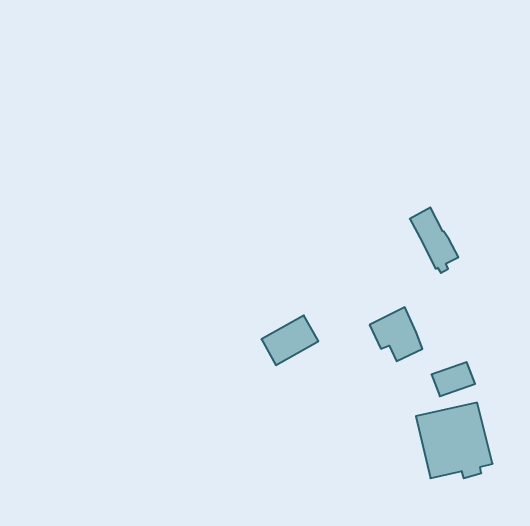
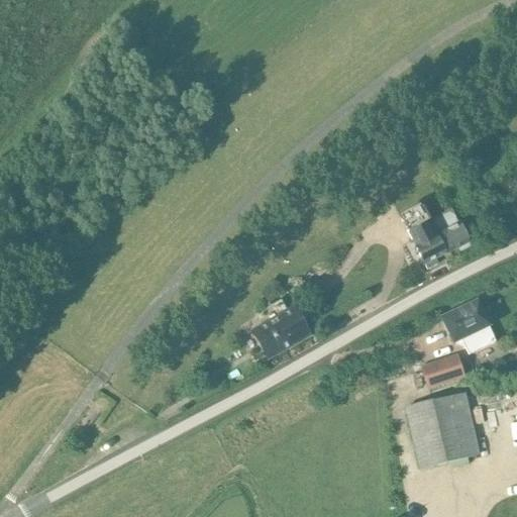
building: none -> [437,222,470,250]
building: [370,307,422,361] -> [442,299,494,351]

